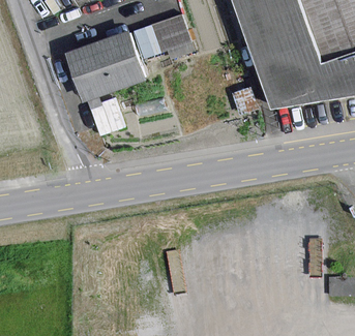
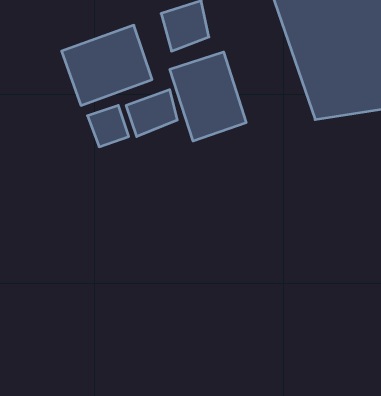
building: none -> [170,52,246,141]
building: none -> [126,90,177,137]

